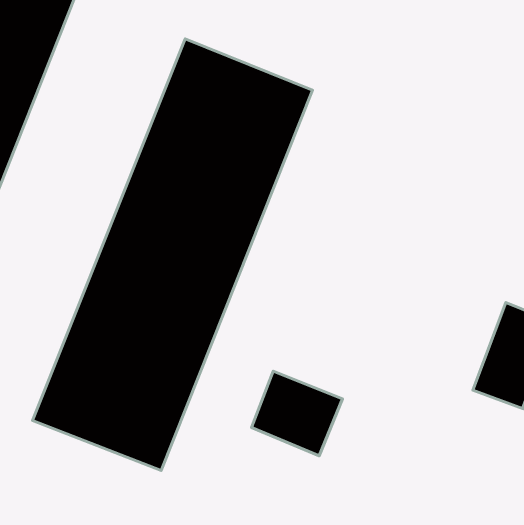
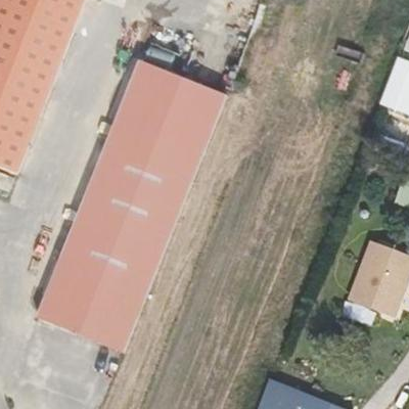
building: [252,371,342,456] -> none

